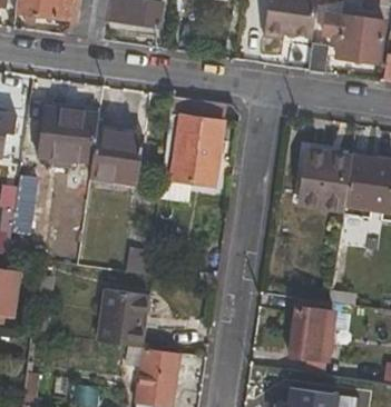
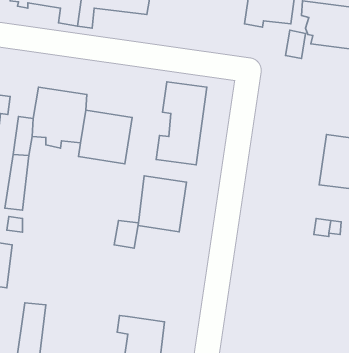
building: [297,147,351,211] -> none
building: [97,287,148,346] -> [138,176,186,232]
building: [289,296,336,360] -> none

